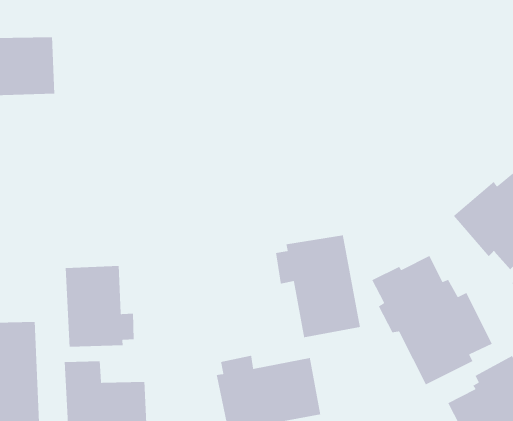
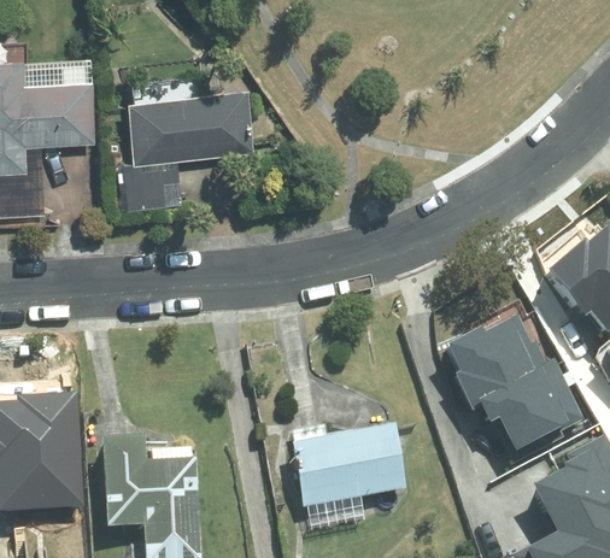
building: none -> [127,87,257,207]
building: [275,234,361,338] -> none
building: [65,265,134,347] -> none

